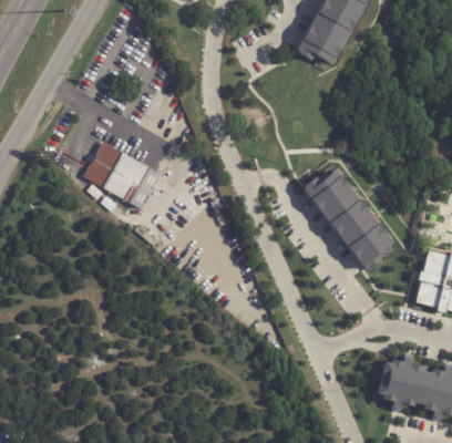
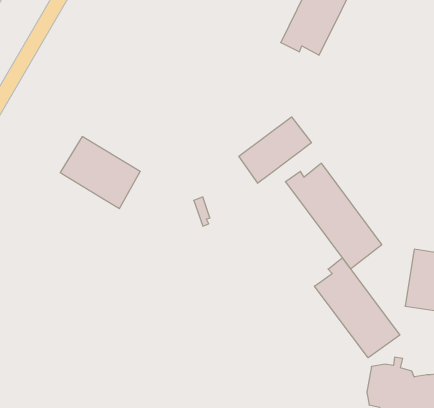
building: none -> [239,117,311,183]
building: none -> [314,258,400,358]

